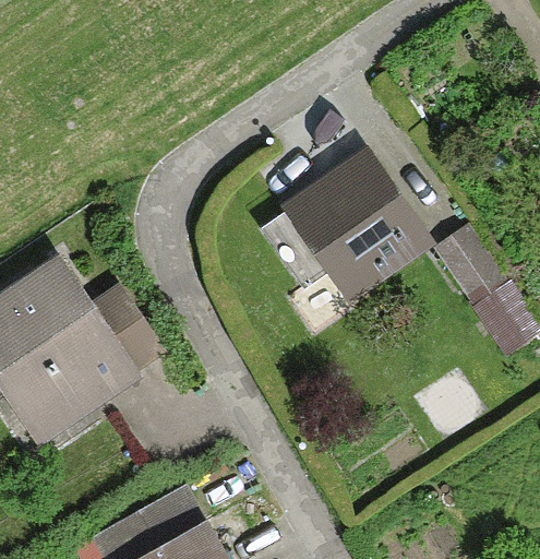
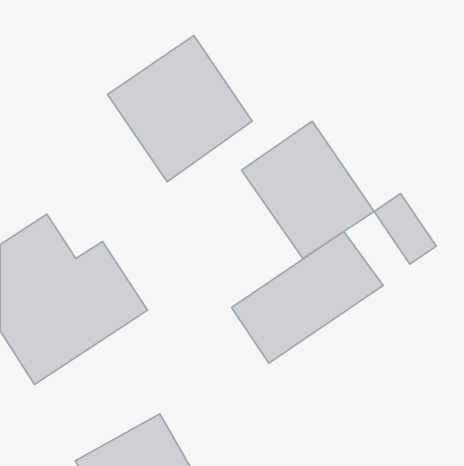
building: none -> [107,36,252,182]
building: none -> [231,232,383,363]

